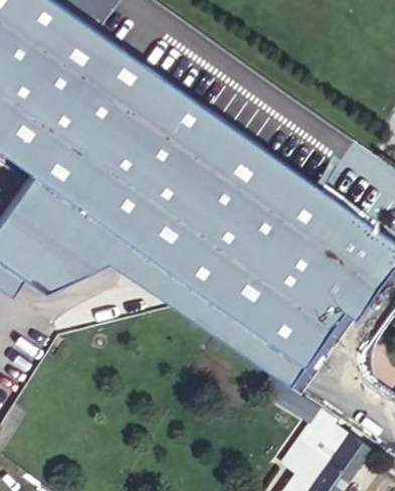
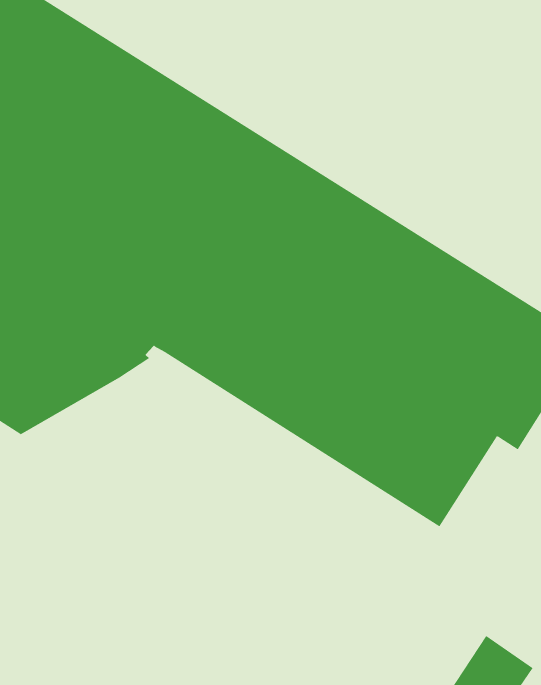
building: [107,240,349,390] -> none

